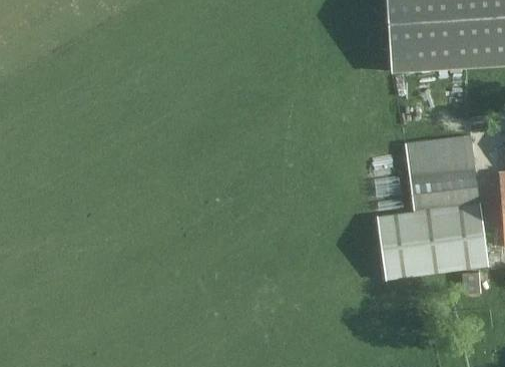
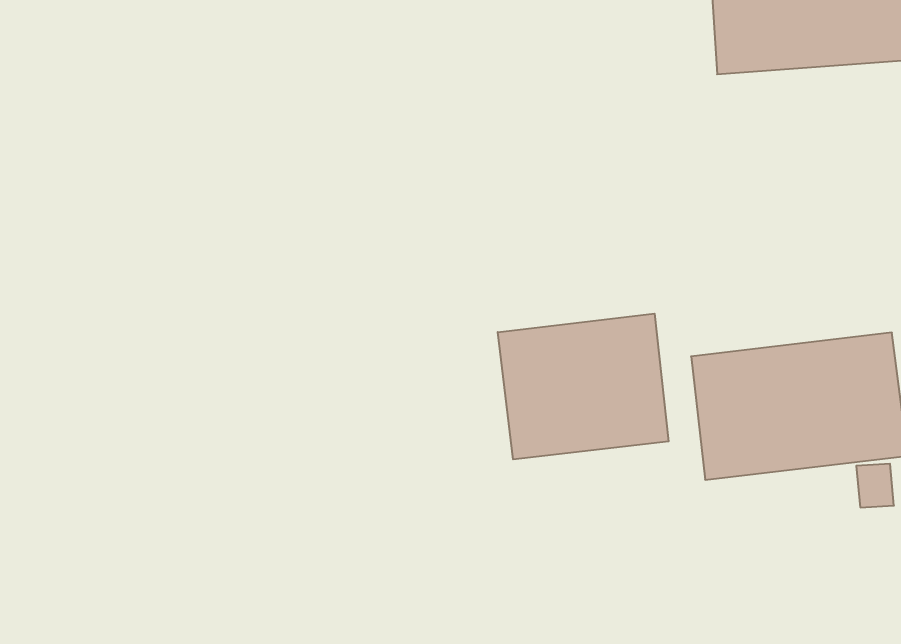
building: [405,134,479,209] -> none
building: none -> [498,314,669,459]

